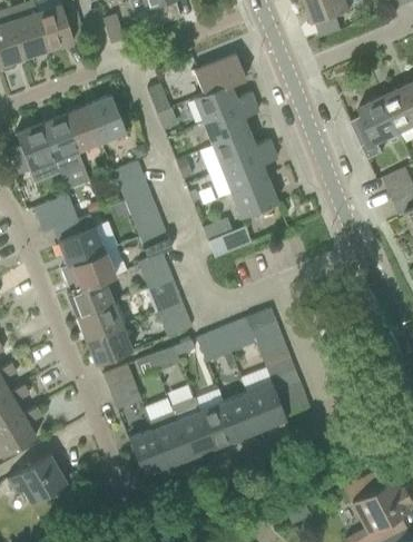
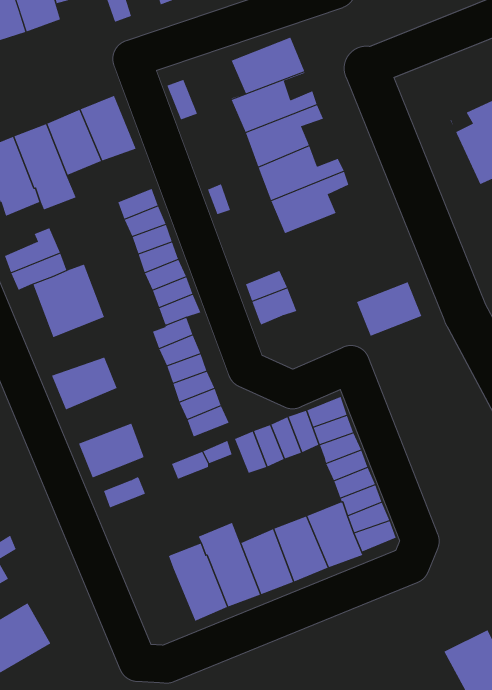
building: [232,179,278,218] -> [356,282,422,337]
building: [62,253,115,294] -> none
building: [77,303,124,342] -> none
building: [108,377,142,411] -> none
building: [129,430,168,476] -> none

